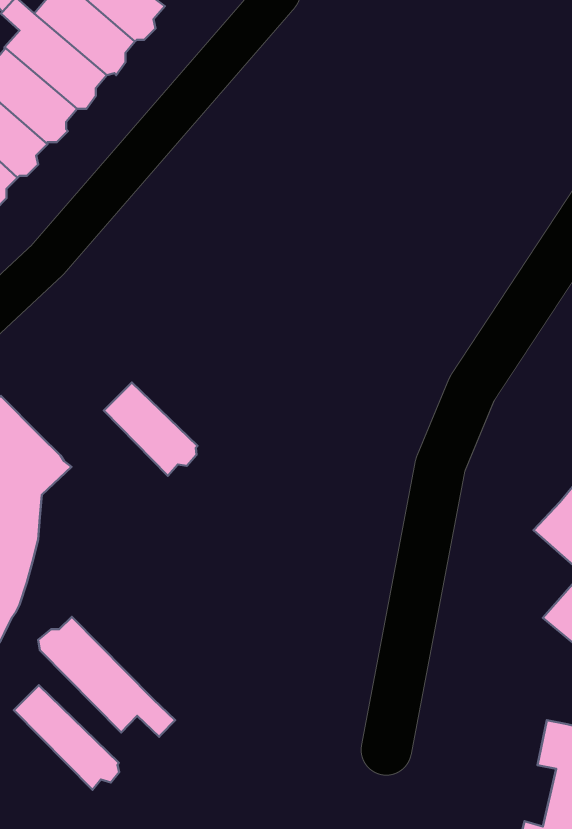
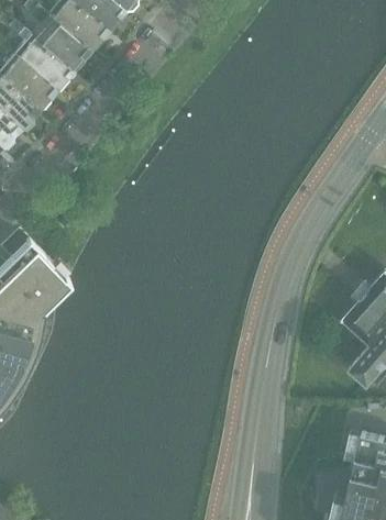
building: [104,383,198,476] -> none
building: [38,617,175,737] -> none
building: [14,685,119,790] -> none

